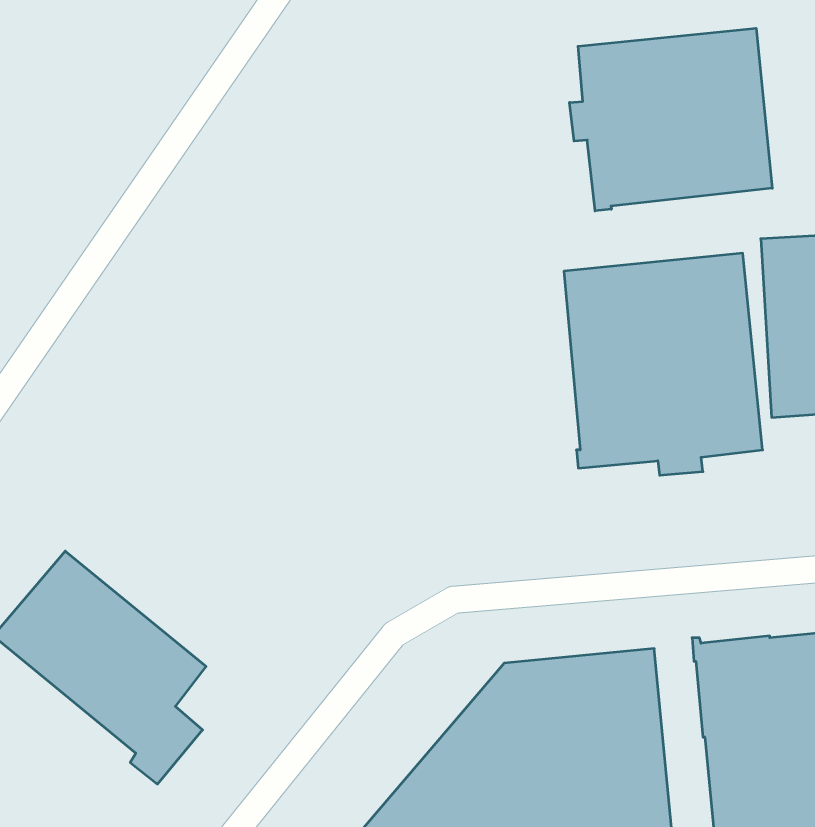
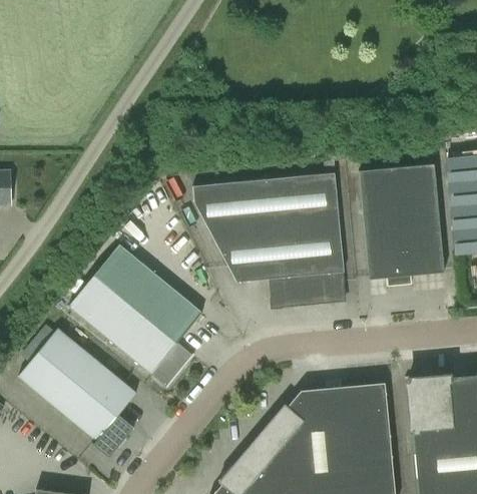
building: [570,28,772,211] -> none
building: none -> [193,173,345,307]
building: none -> [68,244,202,388]

